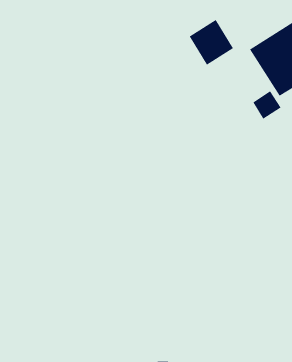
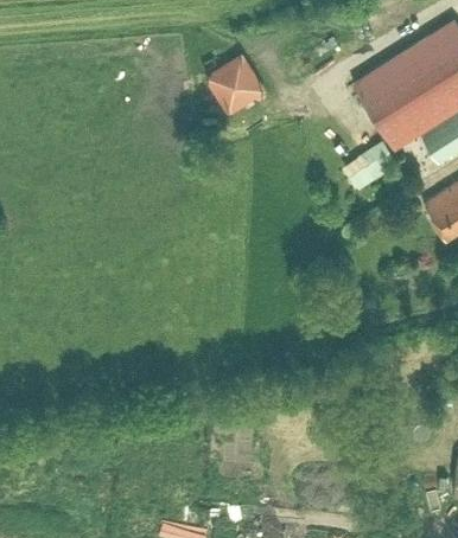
building: [189,19,234,65] -> [208,55,271,119]

